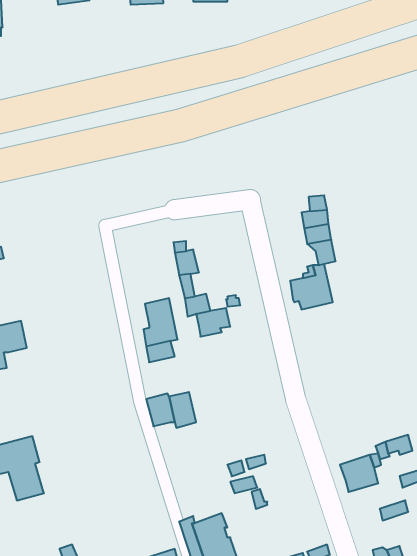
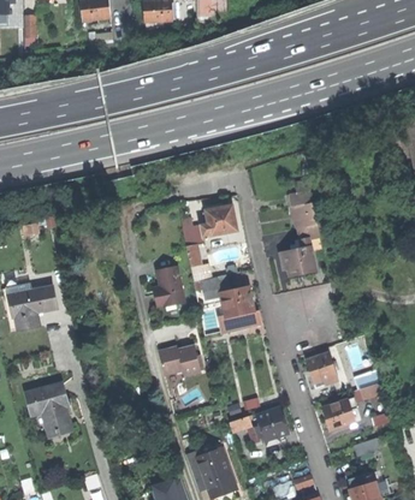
building: none -> [202,206,237,237]
building: none -> [221,286,261,329]
building: none -> [304,349,339,385]
building: none -> [256,407,289,446]

